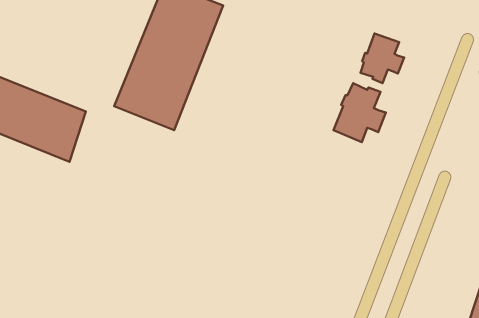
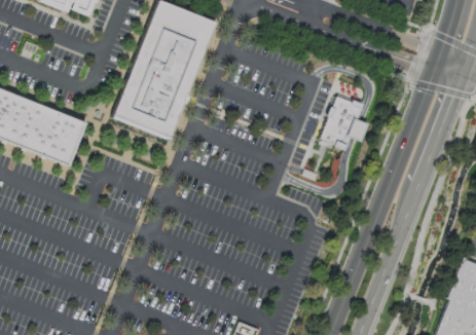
building: [360,33,404,83] -> none

